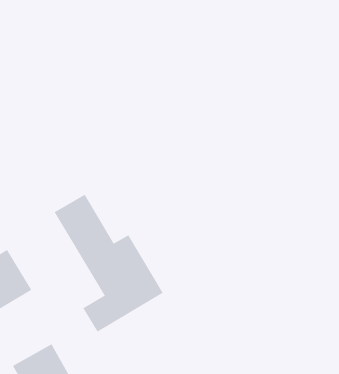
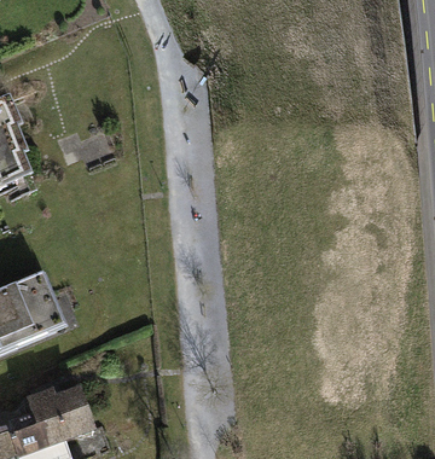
building: [54,194,164,333] -> none

